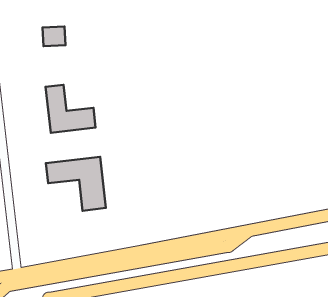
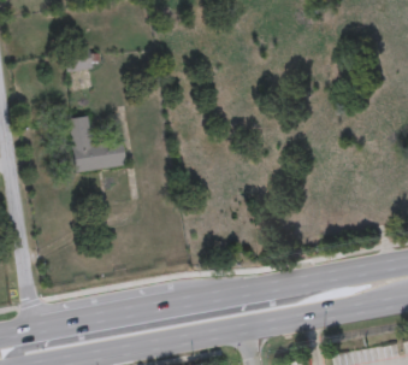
building: [46,157,106,211] -> none

